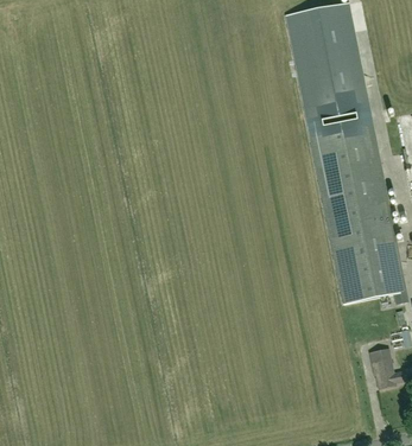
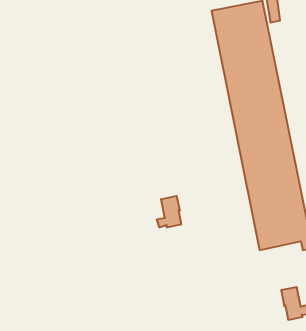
building: none -> [157,196,181,227]

